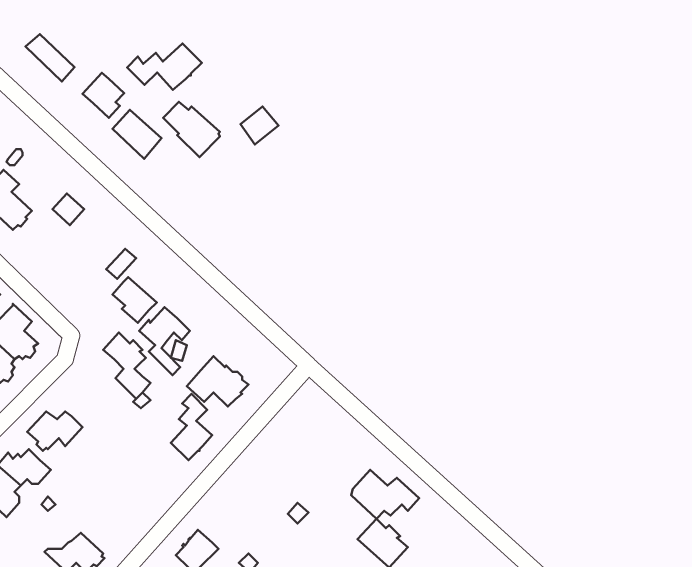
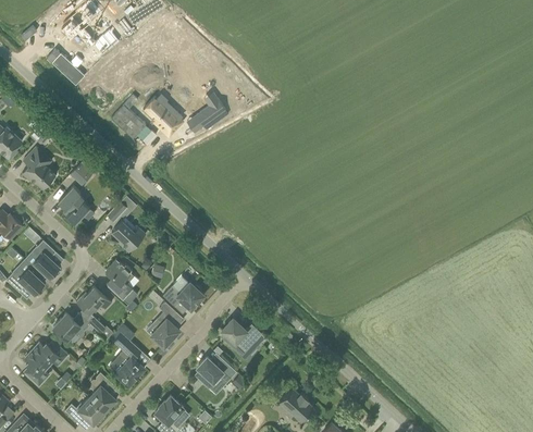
building: [127,44,202,90] -> none
building: [82,73,124,118] -> none
building: none -> [58,186,89,224]
building: [139,307,190,375] -> [76,286,111,333]
building: none -> [109,329,145,385]
building: [351,470,419,519] -> [220,319,266,353]
building: none -> [197,358,236,386]
building: none -> [88,372,116,412]

